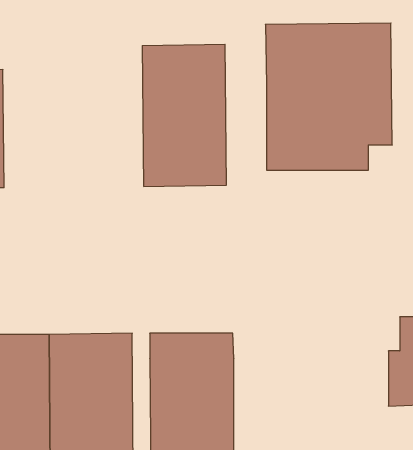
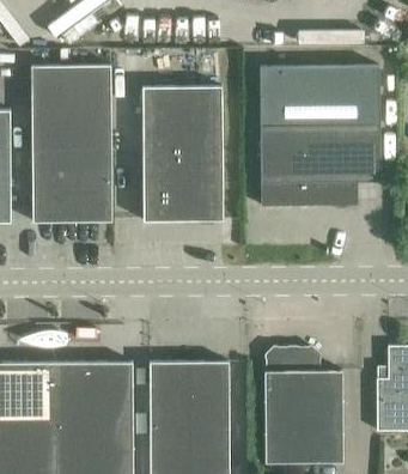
building: none -> [31,65,112,223]
building: none -> [264,347,343,463]

